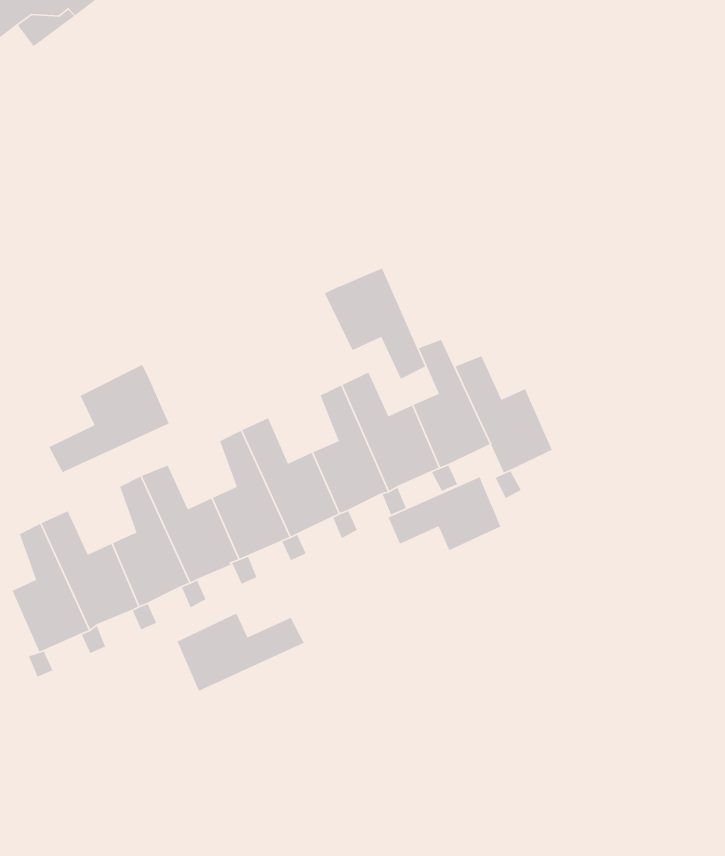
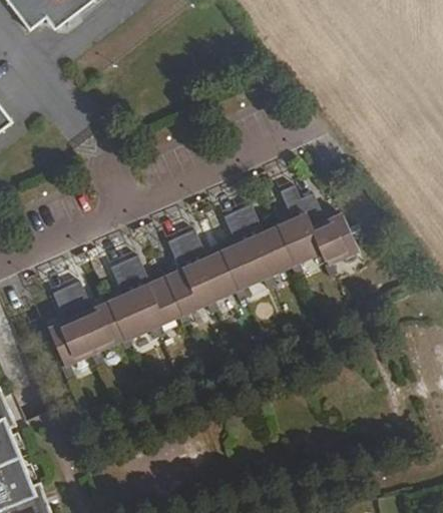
building: [324,267,426,380] -> none
building: [48,364,170,473] -> none
building: [387,476,502,551] -> none
building: [176,612,305,692] -> none

